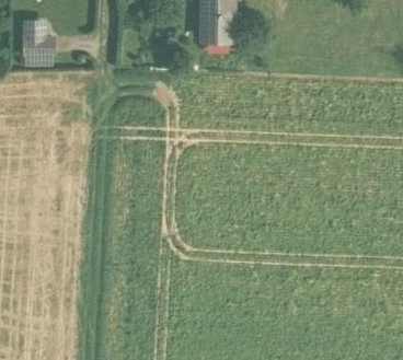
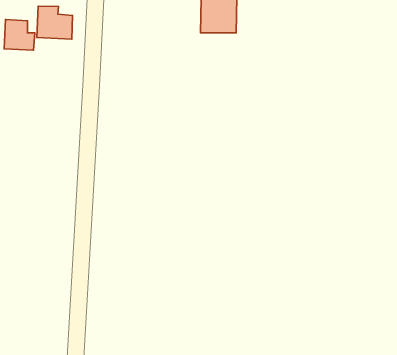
building: none -> [37,6,72,39]

